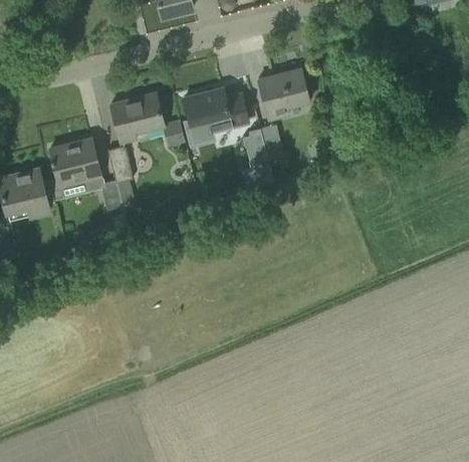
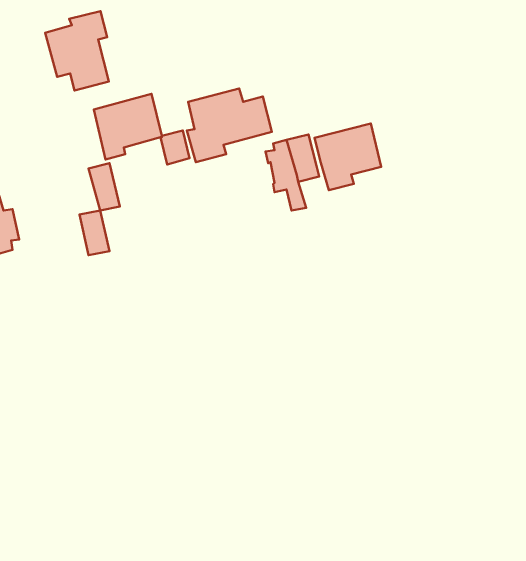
building: none -> [45,11,109,91]
building: [258,69,309,121] -> [314,123,381,190]
building: [50,140,101,189] -> none

